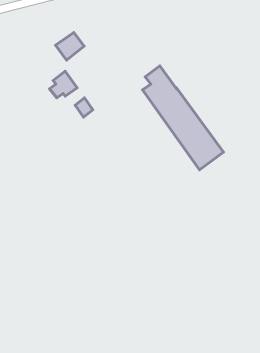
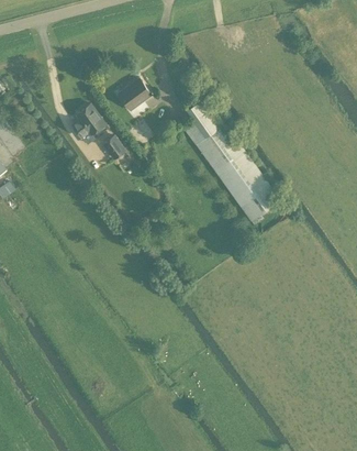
building: [56,32,84,60] -> [116,79,150,112]

